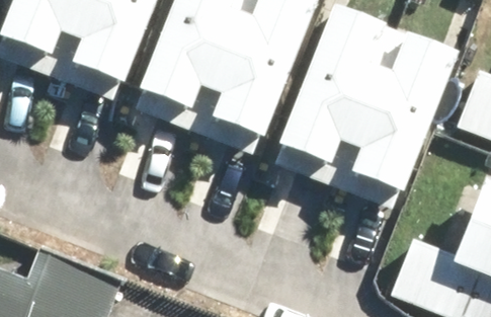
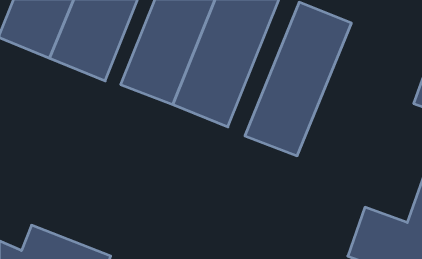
building: [334,27,457,202] -> none

